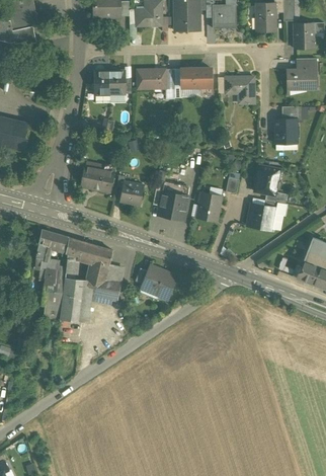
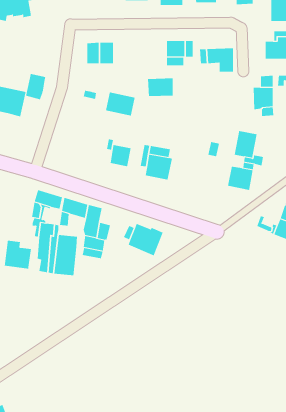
building: [137,69,165,89] -> [147,78,174,97]
building: none -> [25,73,46,100]
building: [81,166,113,192] -> [105,92,135,116]
building: [196,192,222,222] -> none
building: none -> [4,240,31,269]

